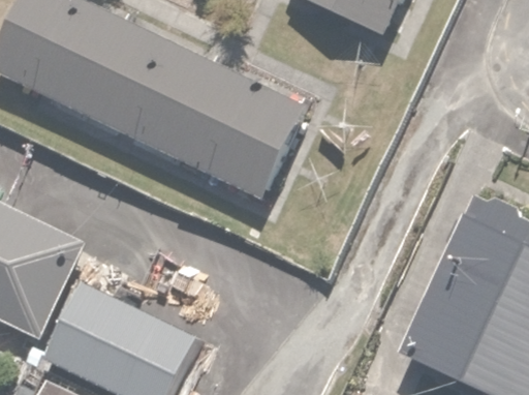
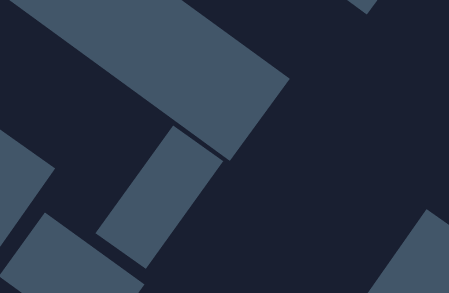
building: none -> [95,124,224,270]

